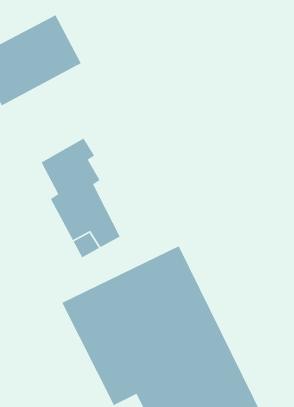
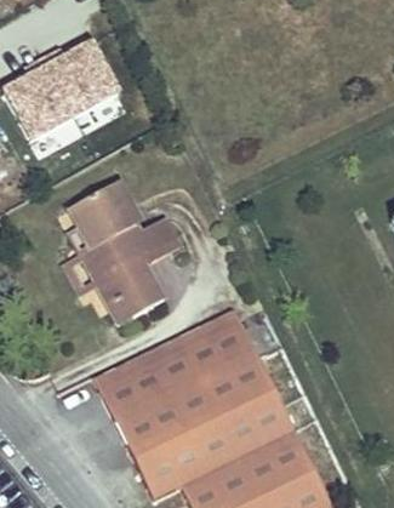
building: none -> [133,216,184,266]

